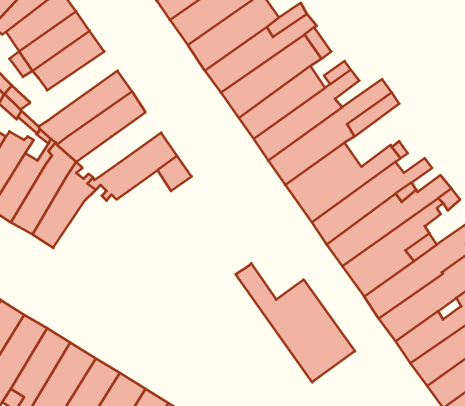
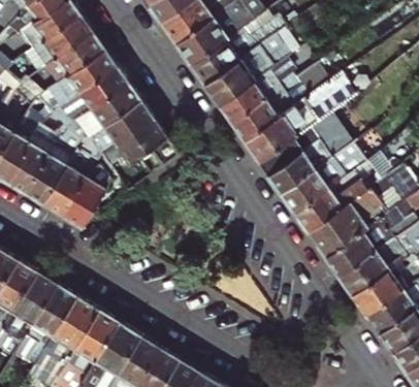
building: none -> [45,49,116,106]
building: none -> [80,100,153,158]
building: none -> [61,162,115,228]
building: [236,263,355,382] -> none

